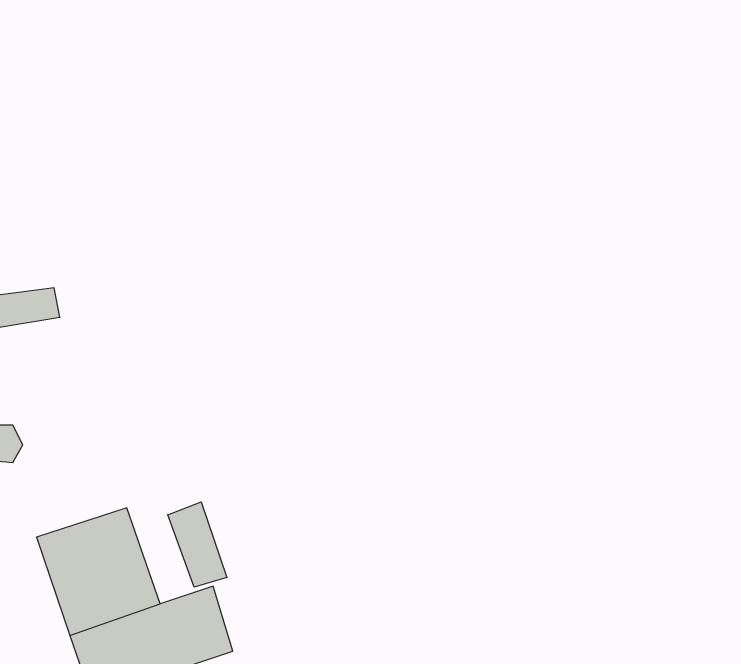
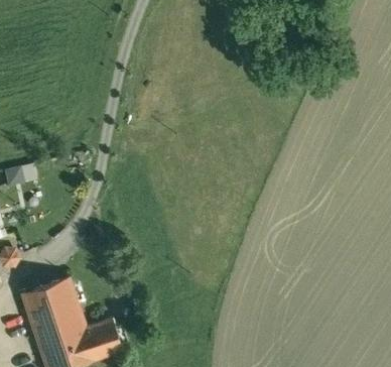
building: [168,502,227,587] -> none

